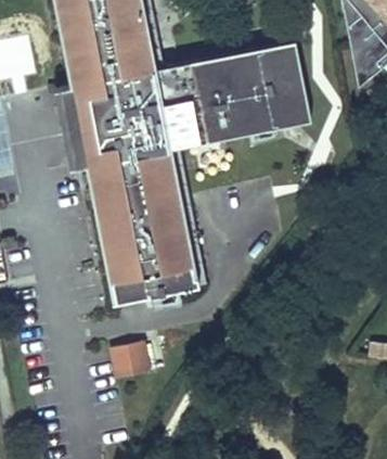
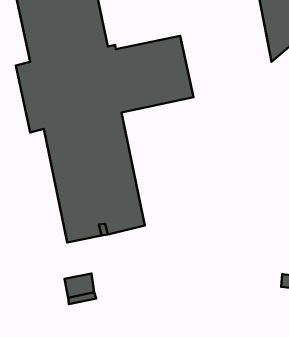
building: [247,40,309,129] -> none

